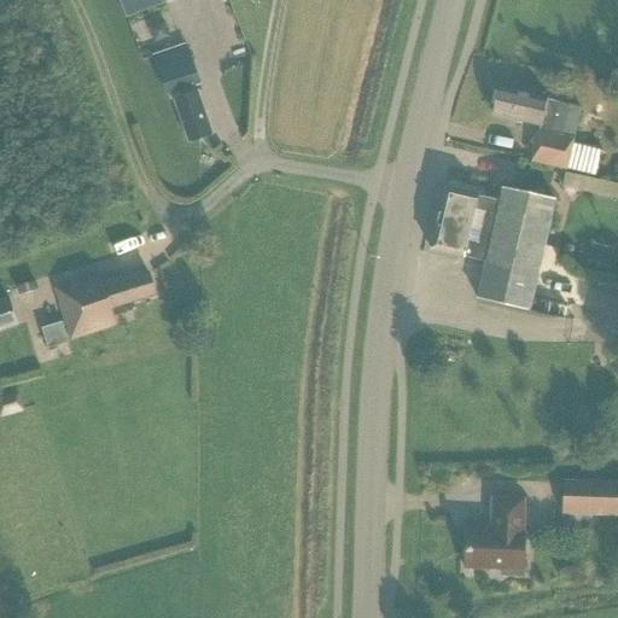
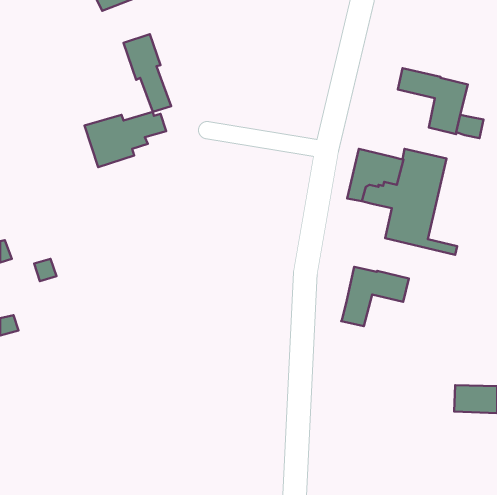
building: [54,268,156,337] -> [85,112,166,167]
building: none -> [341,267,409,326]
building: [465,495,525,573] -> none

